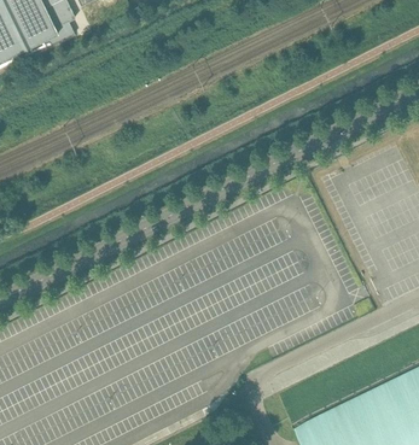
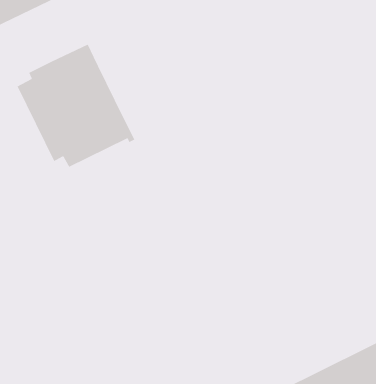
building: none -> [16,44,135,168]

